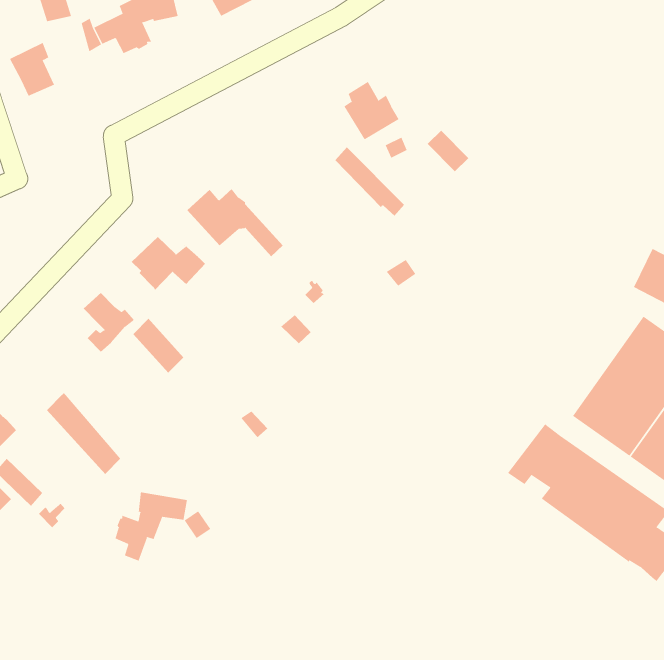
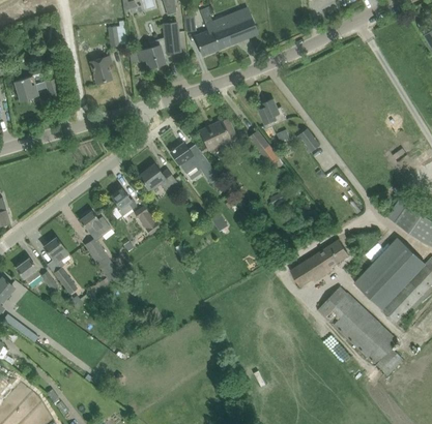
building: none -> [198,119,234,153]
building: none -> [289,240,348,285]
building: none -> [79,211,111,236]
building: [115,491,188,562] -> none

